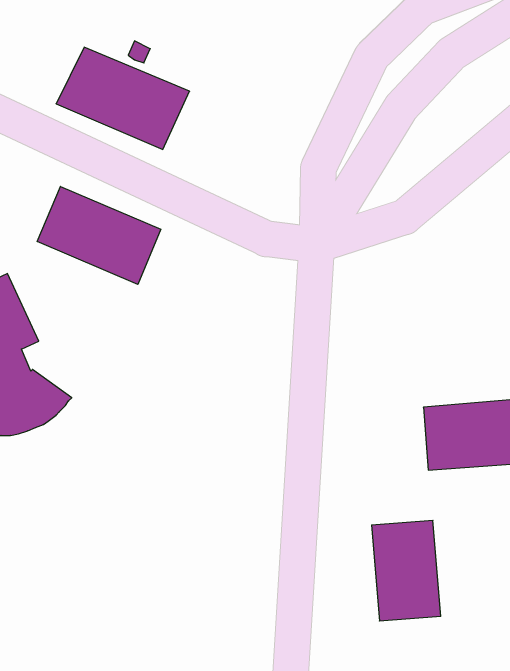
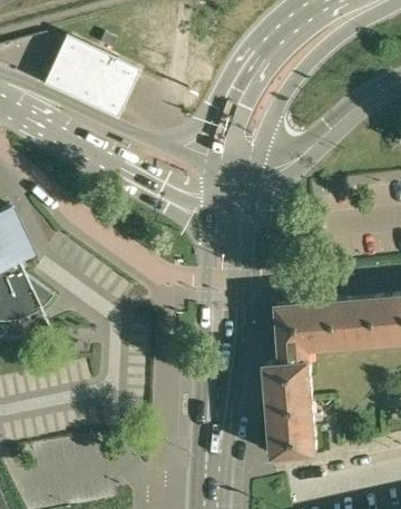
building: [37,186,161,284] -> none
building: none -> [264,303,310,386]

